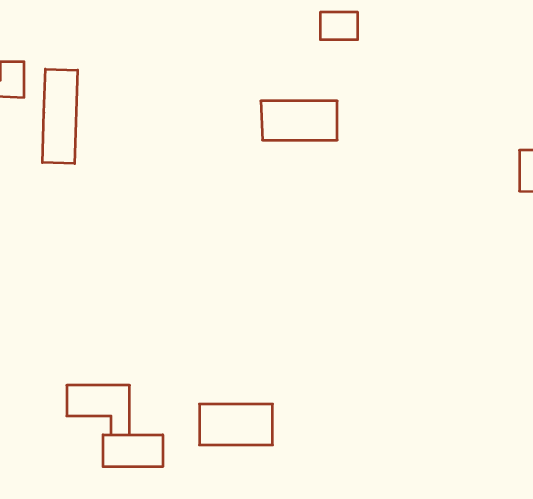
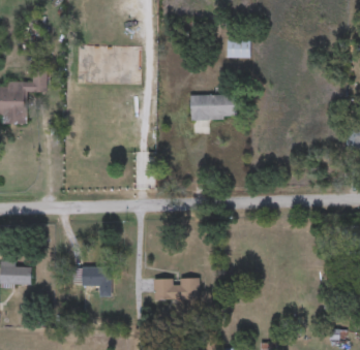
building: [42,69,78,164] -> none
building: [103,435,163,467] -> none

